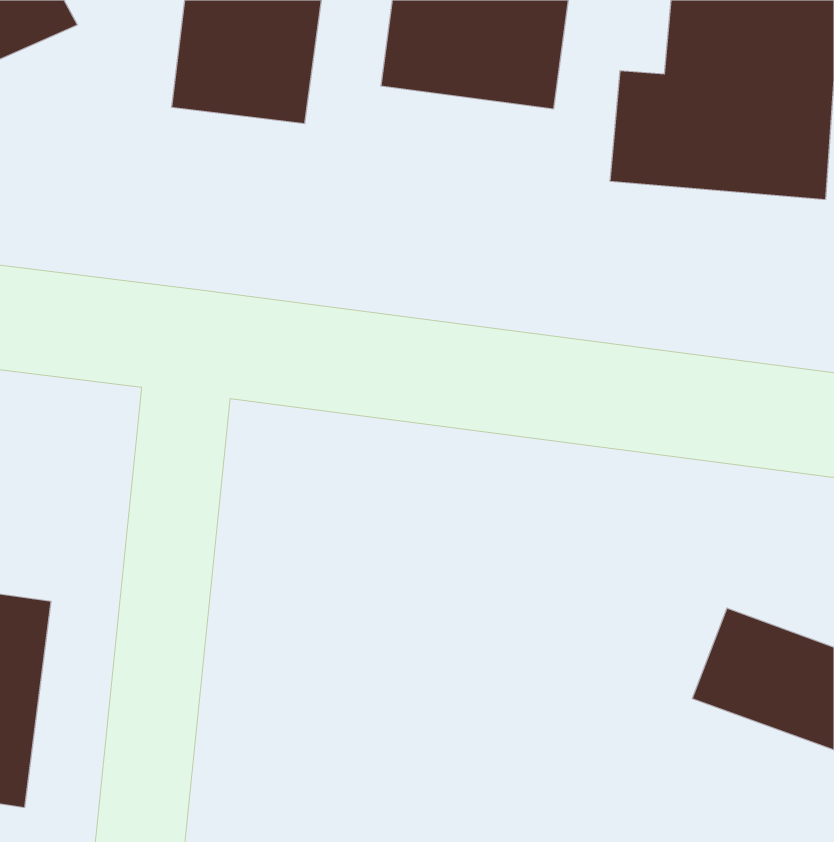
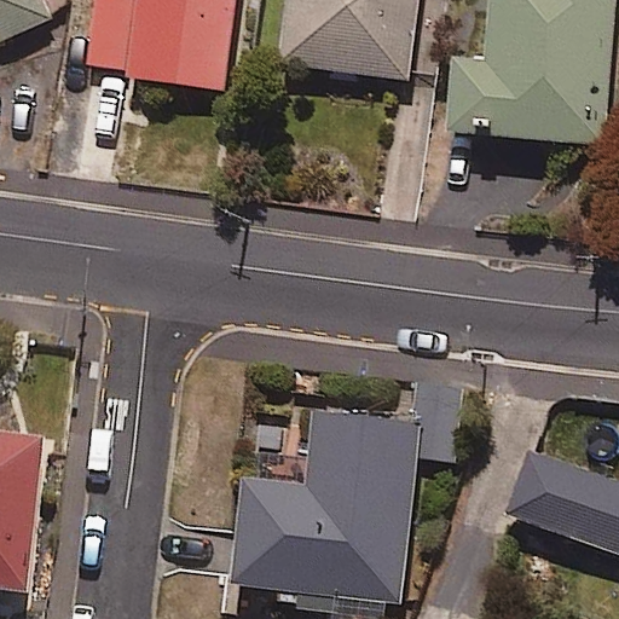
building: none -> [235,411,420,600]

